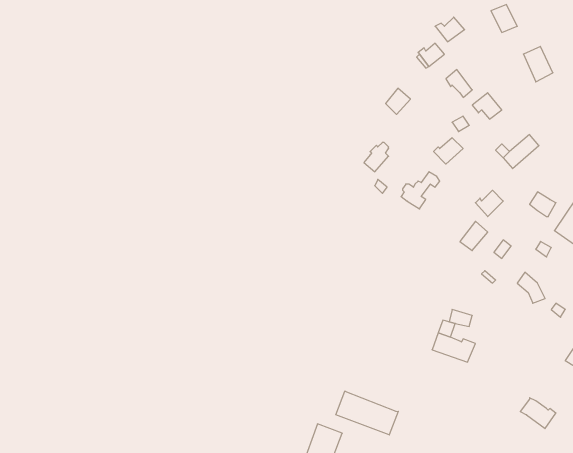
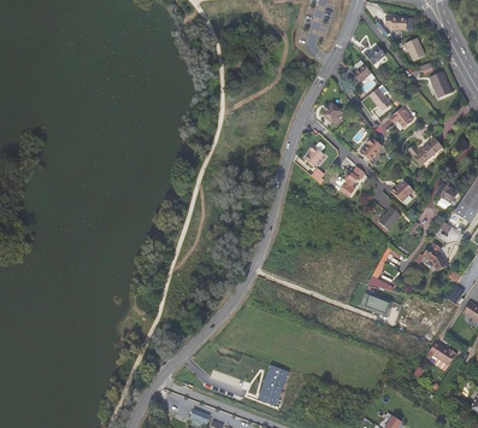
building: [336,391,398,435] -> none

